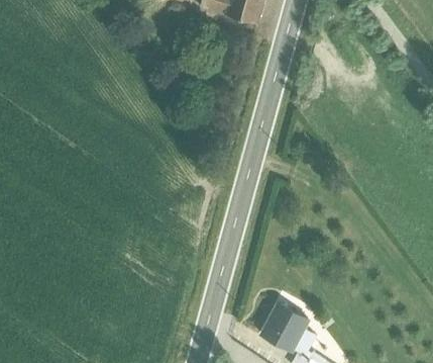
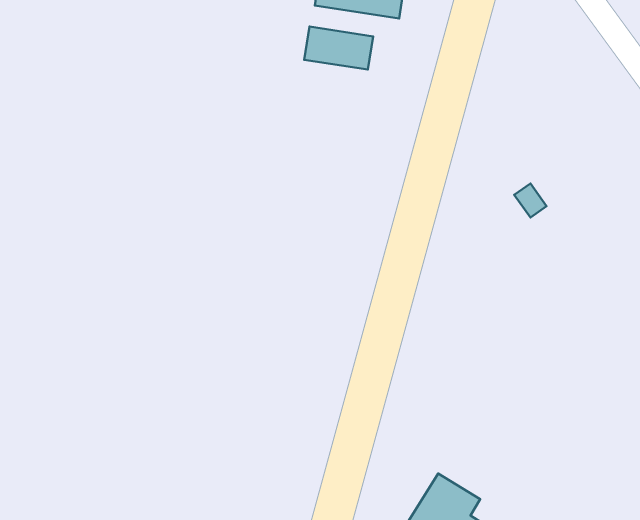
building: none -> [304,27,373,69]

